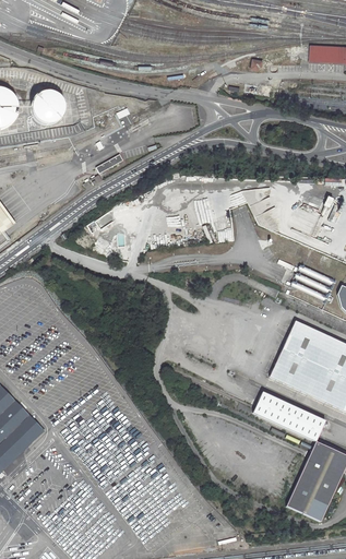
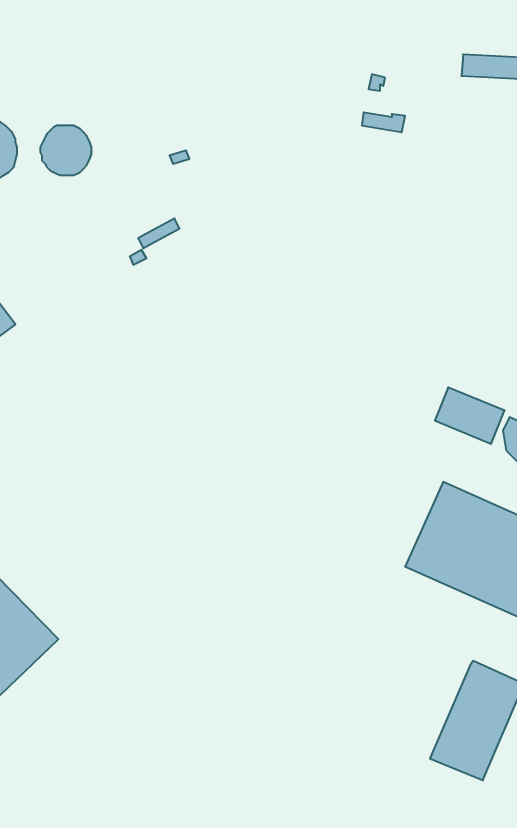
building: [253,393,325,442] -> none

